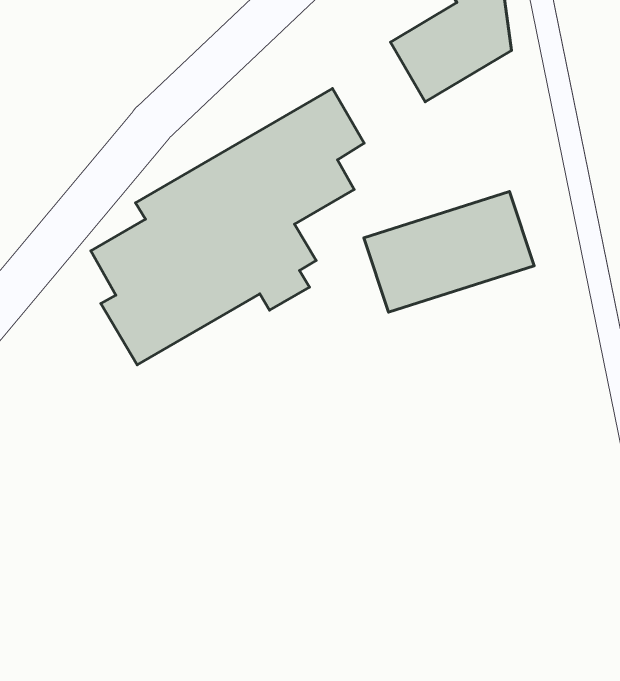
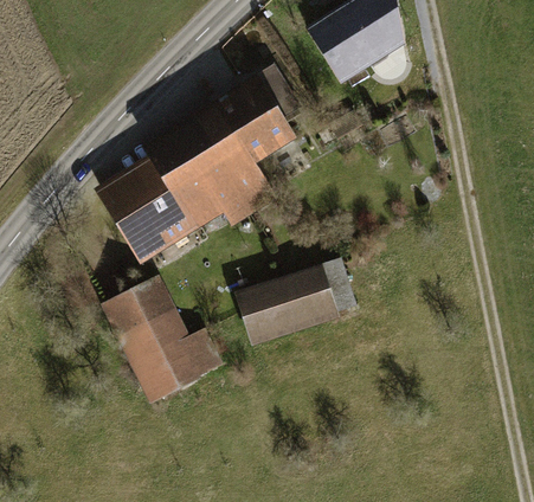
building: [364,191,534,312] -> [234,258,356,345]
building: none -> [103,278,229,404]

